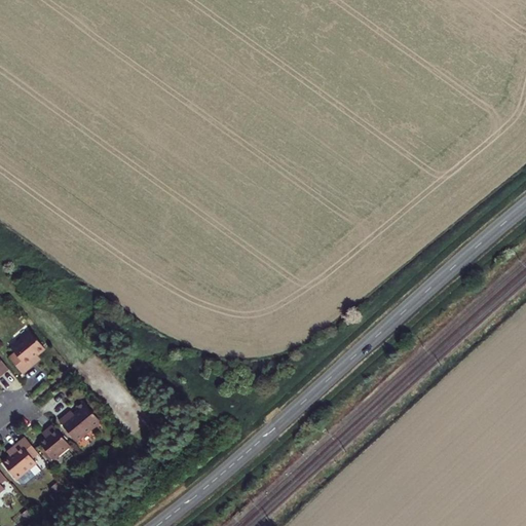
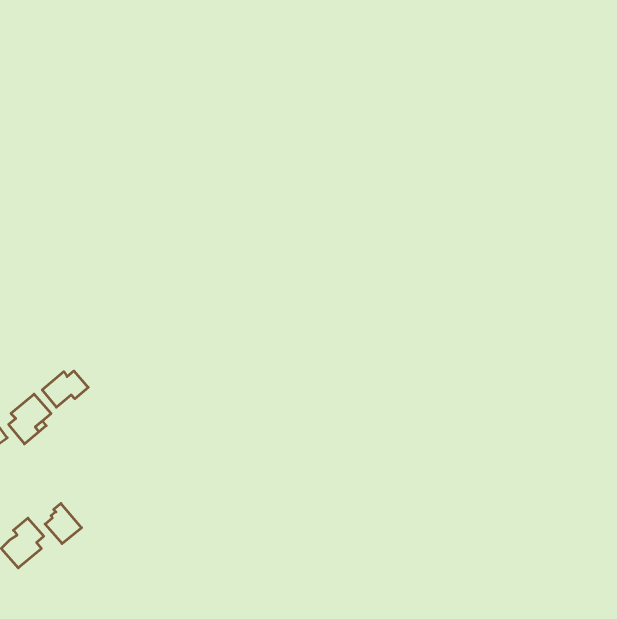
building: none -> [42,371,88,407]
building: [59,403,101,443] -> none

